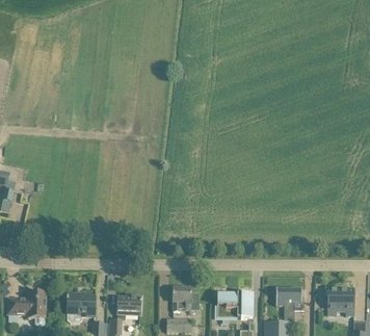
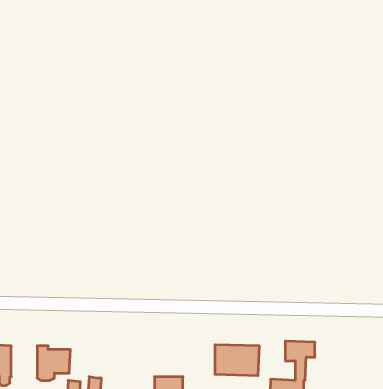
building: [171,287,196,310] -> none
building: [323,287,353,315] -> none
building: [116,293,140,314] -> none

